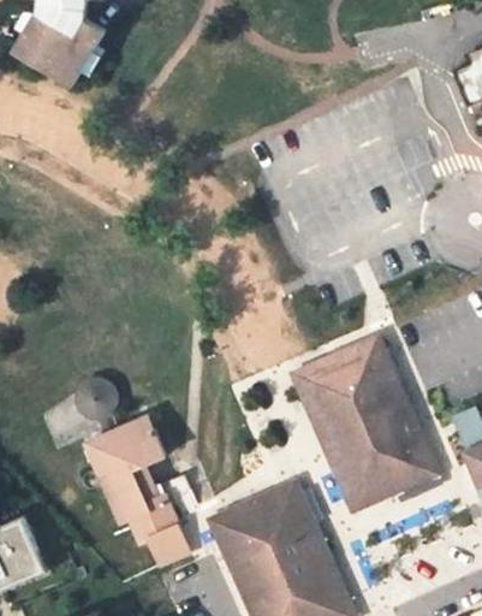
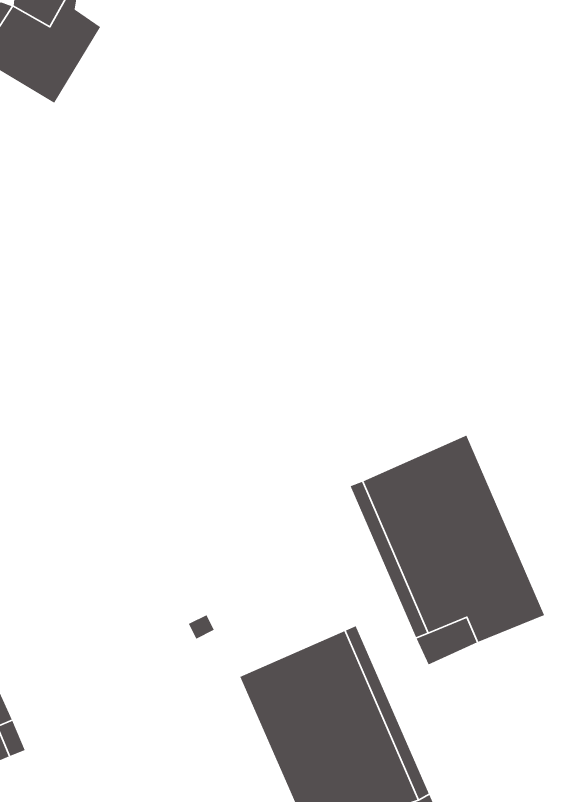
building: [79,385,189,565] -> none

